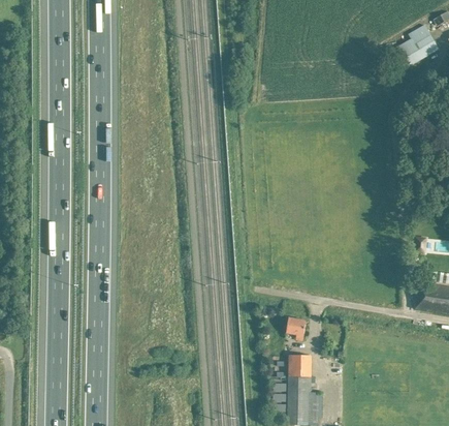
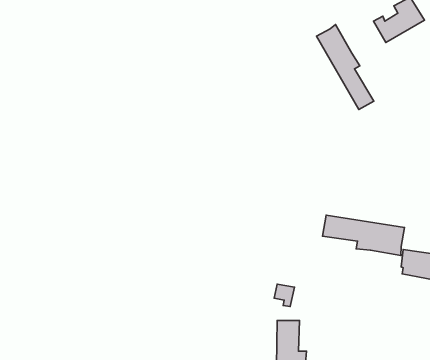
building: none -> [317,25,374,109]
building: none -> [322,215,405,255]

